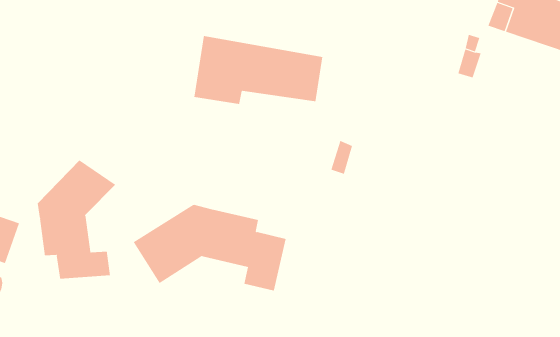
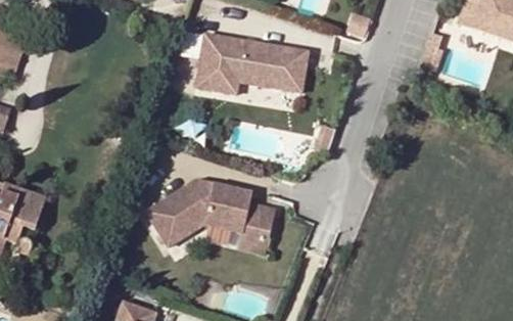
building: [37,160,116,280] -> none

